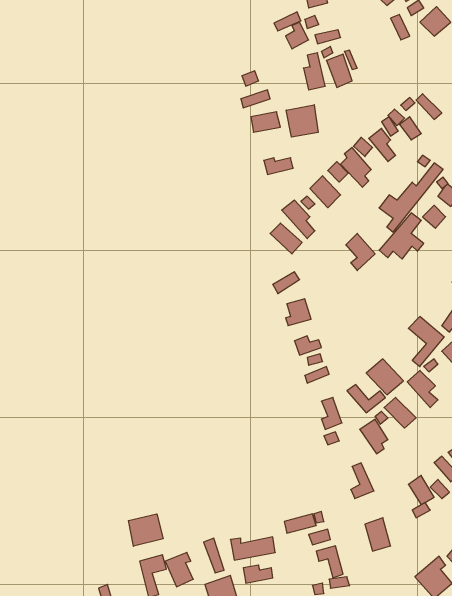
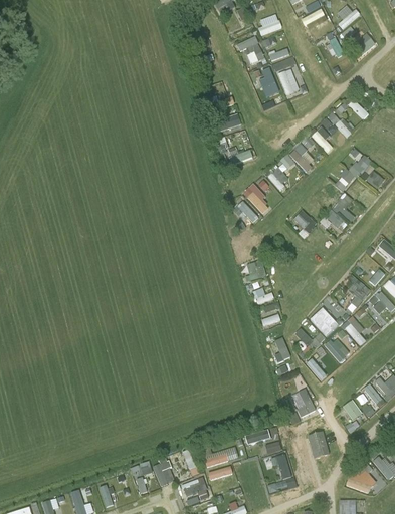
building: [286,105,318,137] -> none
building: [128,514,163,546] -> none

